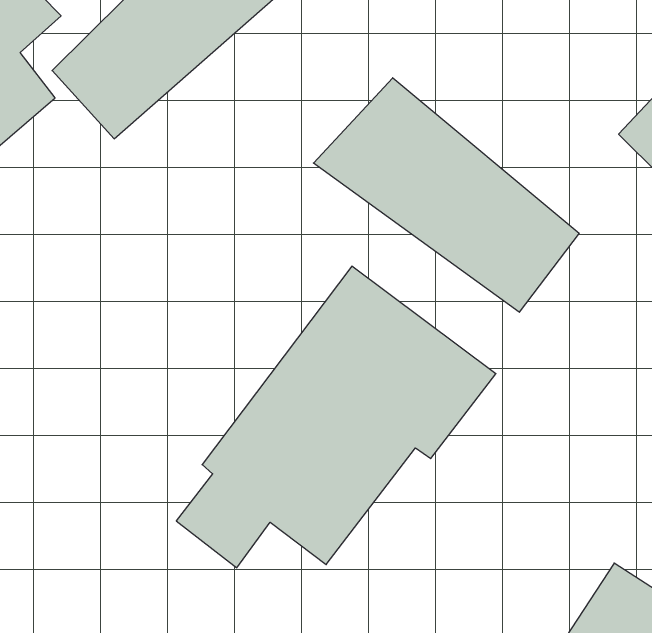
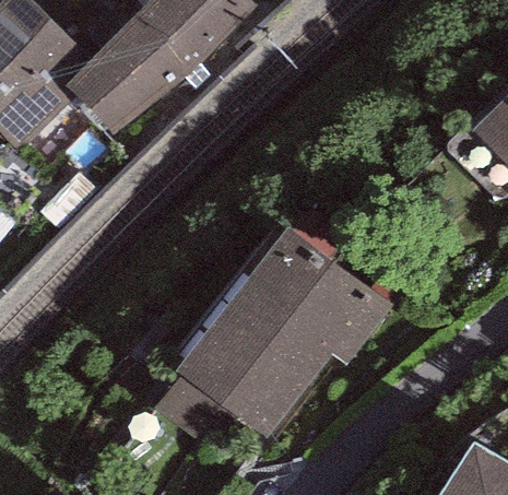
building: [313,78,579,312] -> none

